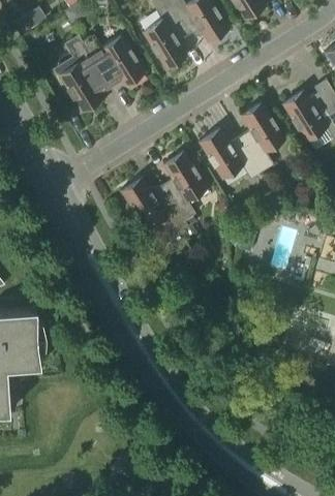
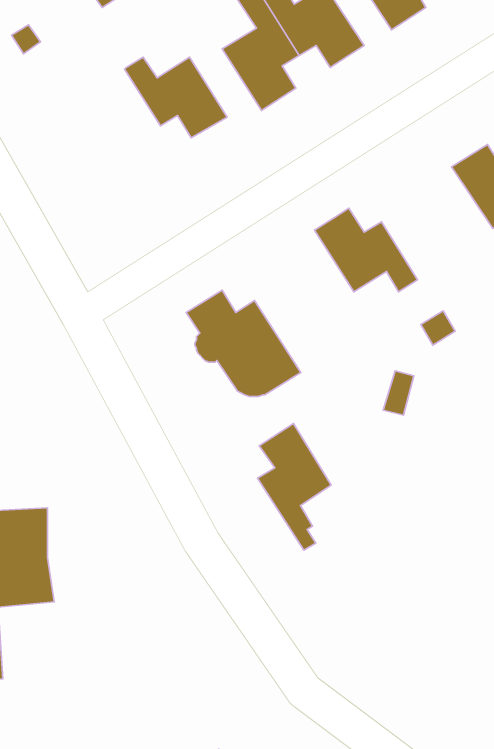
building: [56,37,105,111] -> none
building: [239,100,285,171] -> none
building: [162,150,207,226] -> [258,423,331,550]

